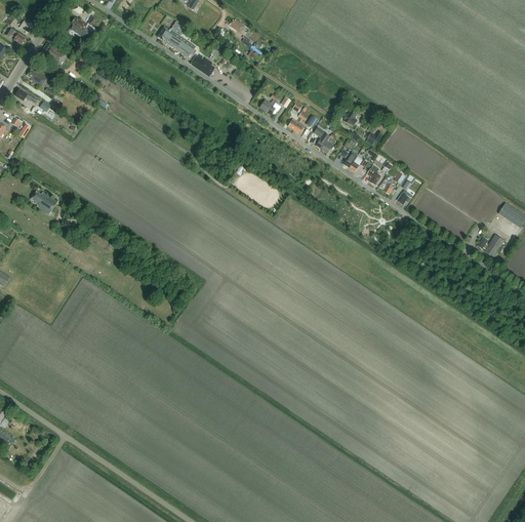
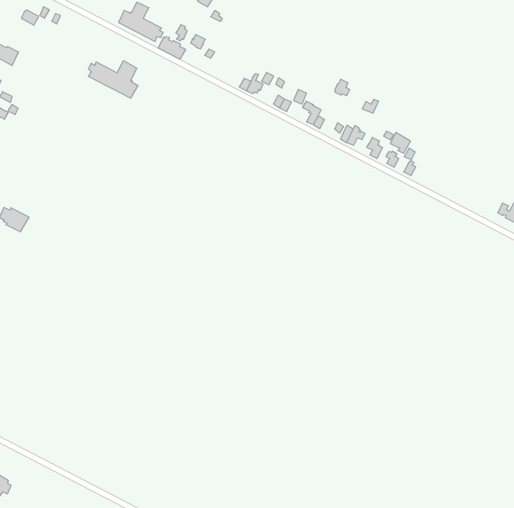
building: none -> [88,61,138,98]

